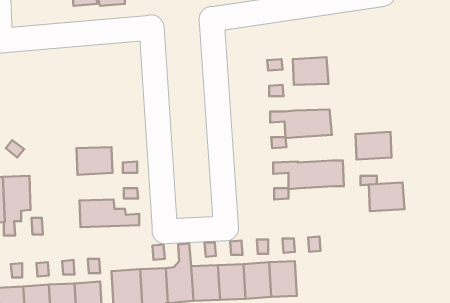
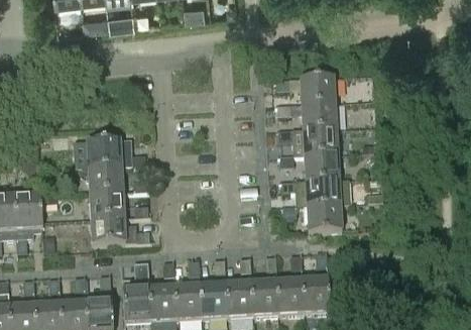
building: none -> [301,103,336,129]
building: none -> [86,139,145,167]
building: [356,132,391,160] -> [304,153,339,181]
building: none -> [88,191,123,218]
building: [369,183,405,211] -> [307,204,342,232]
building: none -> [302,276,329,312]

